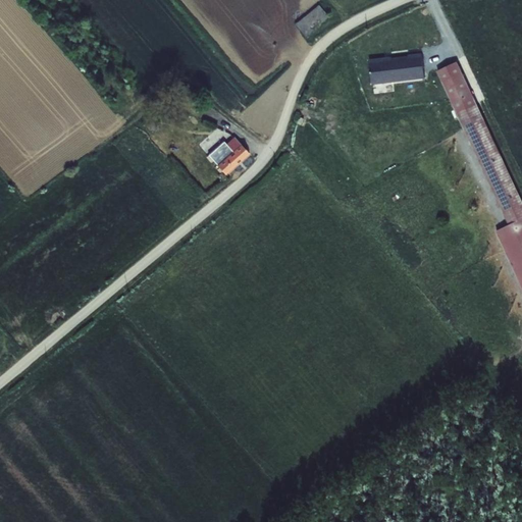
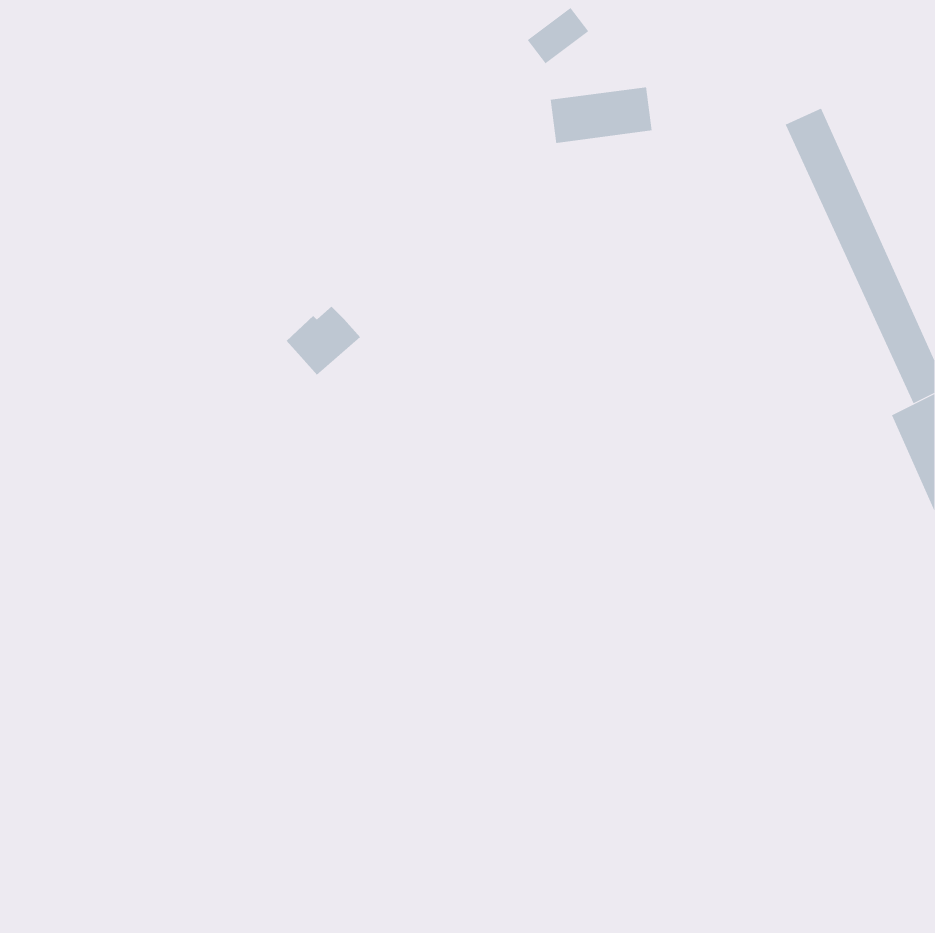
building: [368,53,425,85] -> [550,87,652,143]
building: [208,137,250,175] -> [286,306,361,375]

